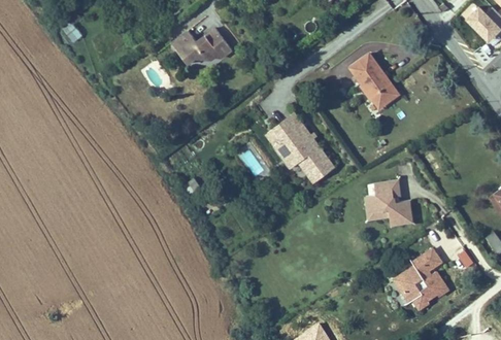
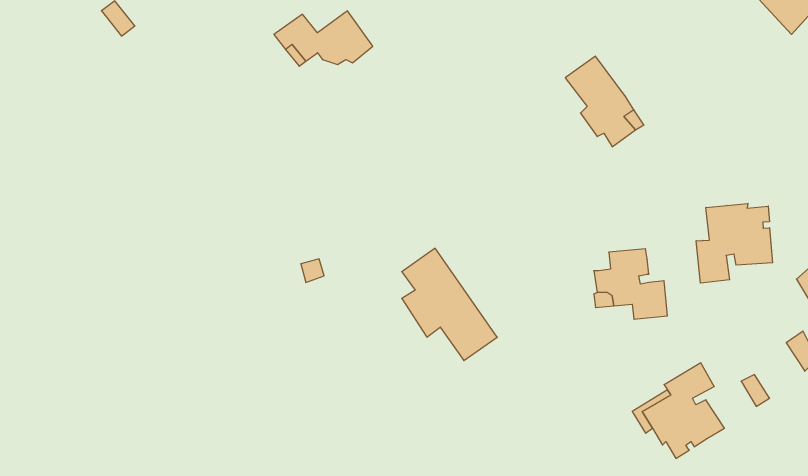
building: [279,116,338,185] -> [402,248,497,361]
building: none -> [696,203,773,283]

